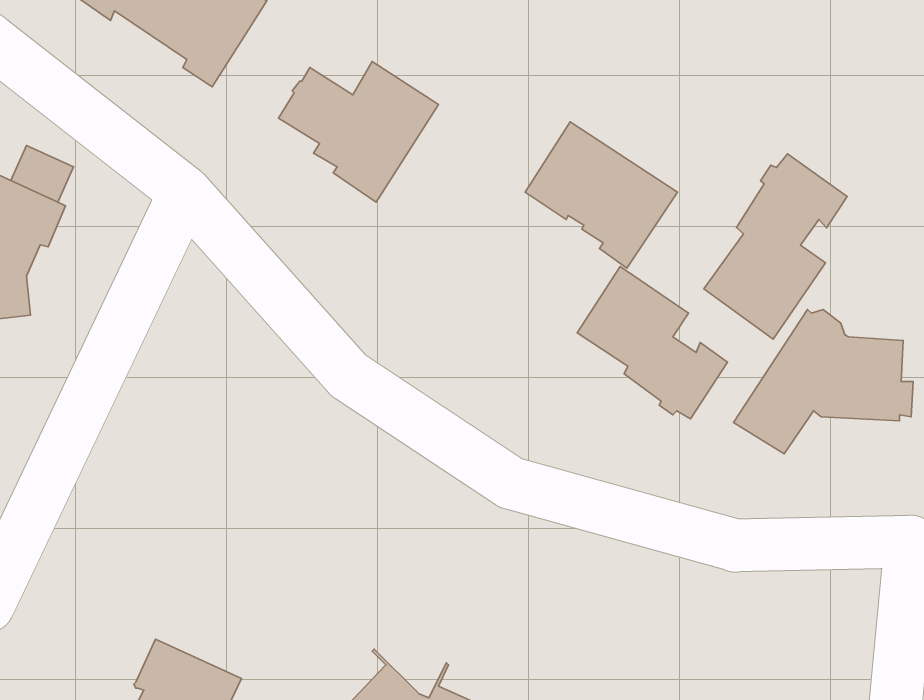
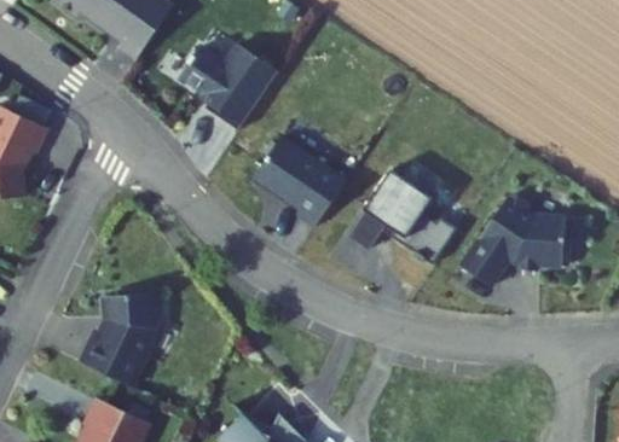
building: [525,122,677,268] -> [251,134,346,225]
building: [704,154,847,339] -> none
building: none -> [83,291,157,385]

